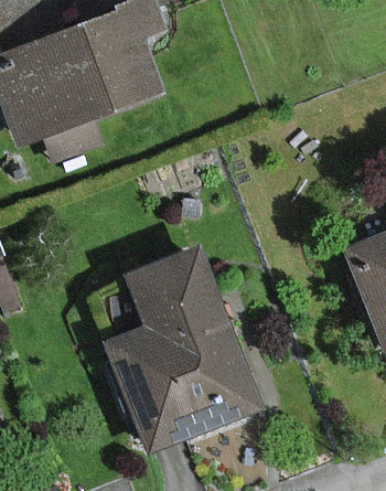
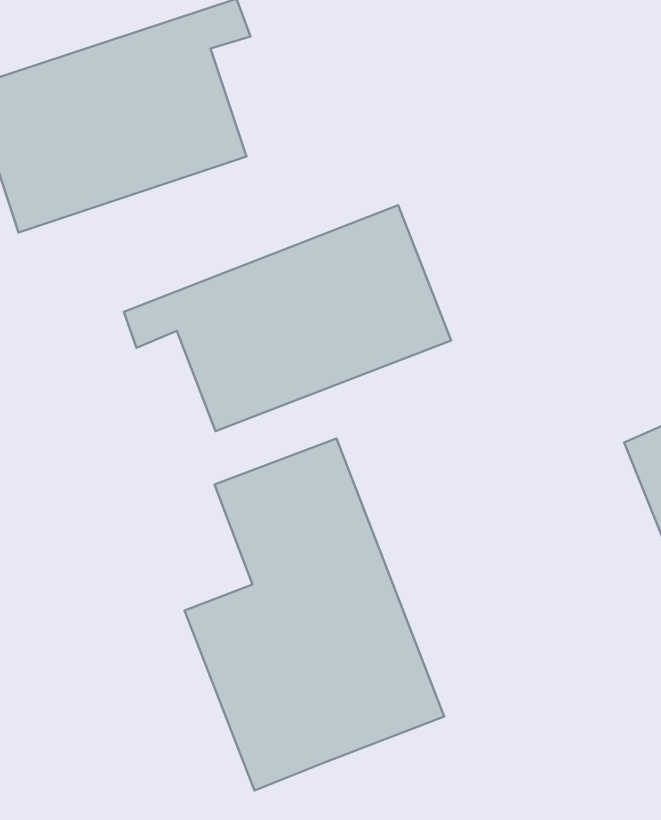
building: none -> [124,205,451,431]

